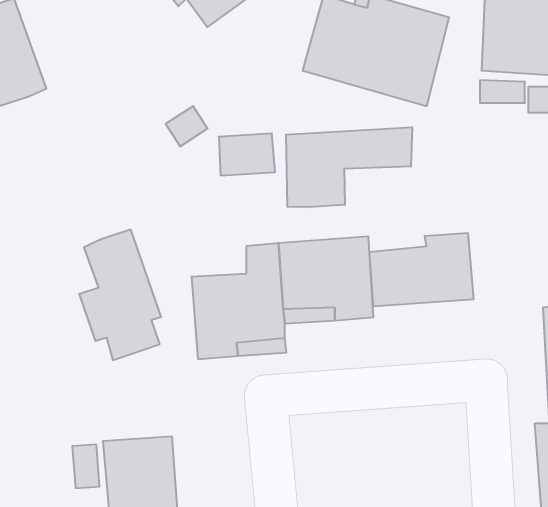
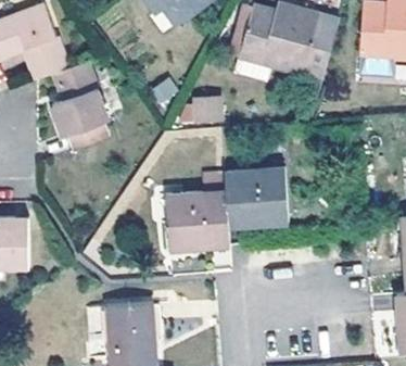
building: [286,127,412,207] -> none
building: [79,230,161,360] -> [52,61,107,149]
building: [370,233,473,307] -> none

